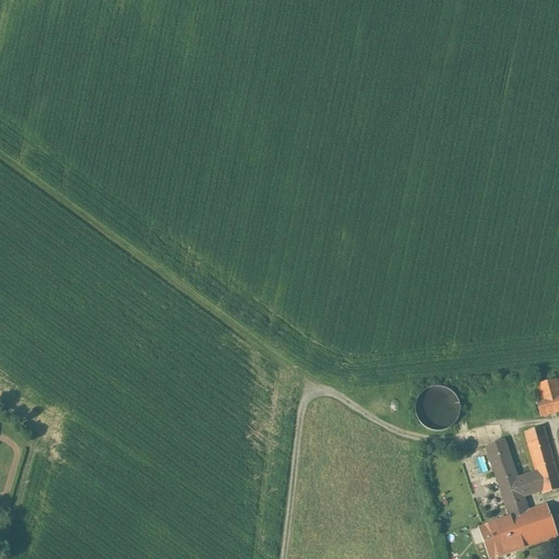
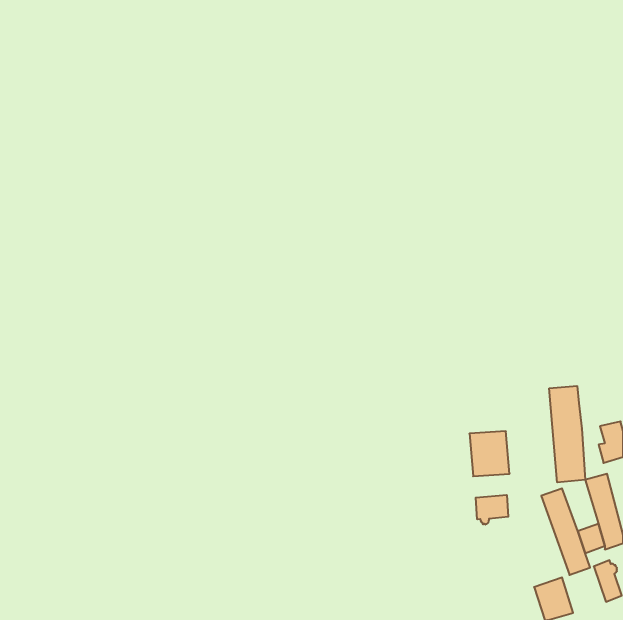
building: none -> [549,386,585,482]
building: none -> [476,495,508,525]
building: [503,508,543,549] -> none

